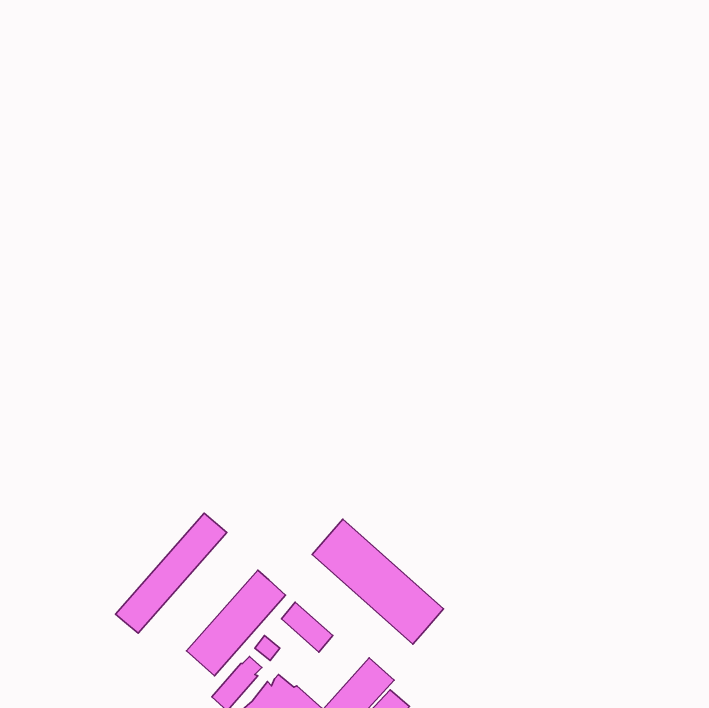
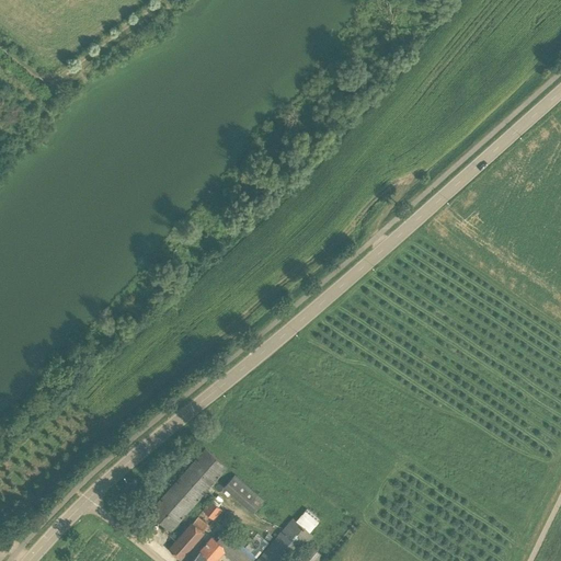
building: [116,513,227,633] -> none
building: [312,519,444,644] -> none

